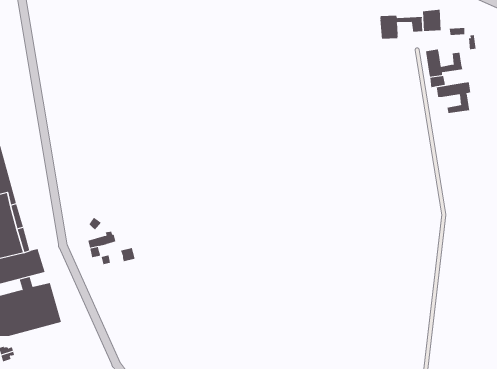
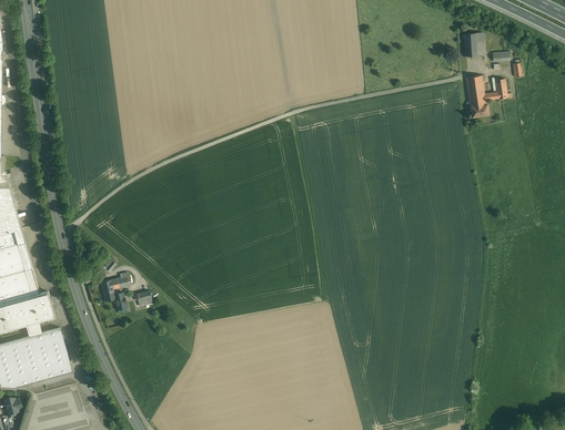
building: [380,15,423,40] -> none
building: [436,82,471,114] -> none

